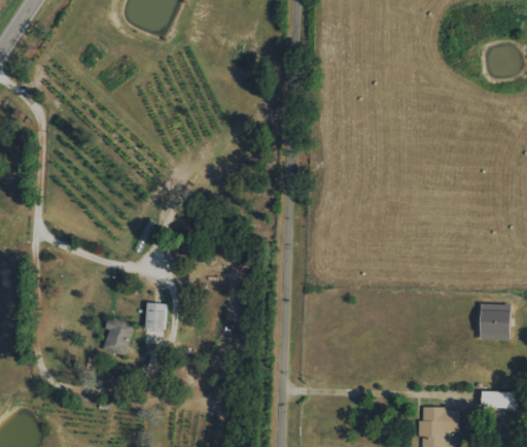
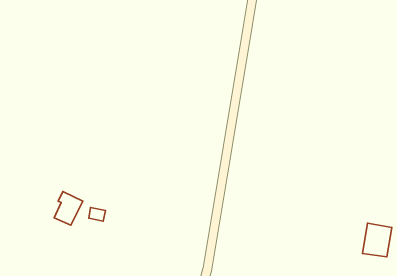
building: [145,303,165,330] -> none

